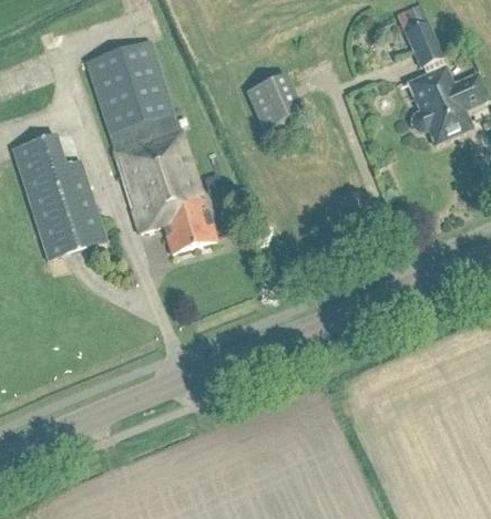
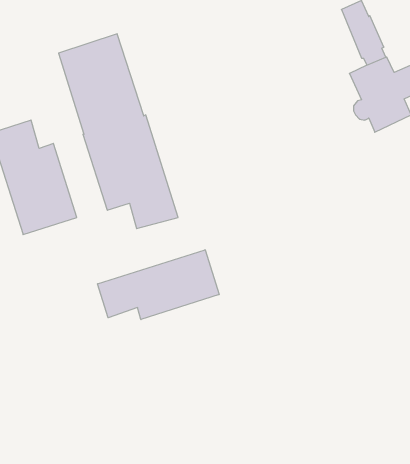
building: [245,73,301,127] -> none
building: none -> [98,250,219,320]

